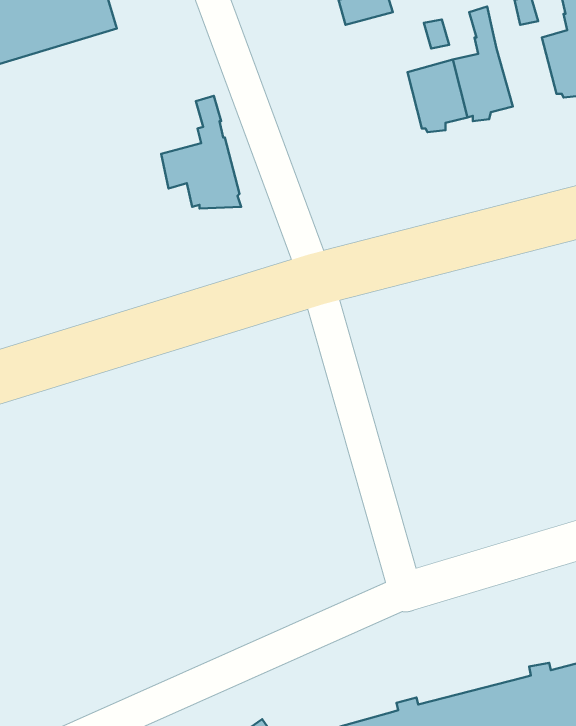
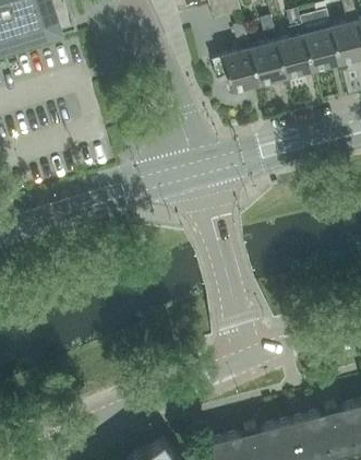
building: none -> [304,27,340,70]
building: [161,96,241,208] -> [213,23,261,91]

